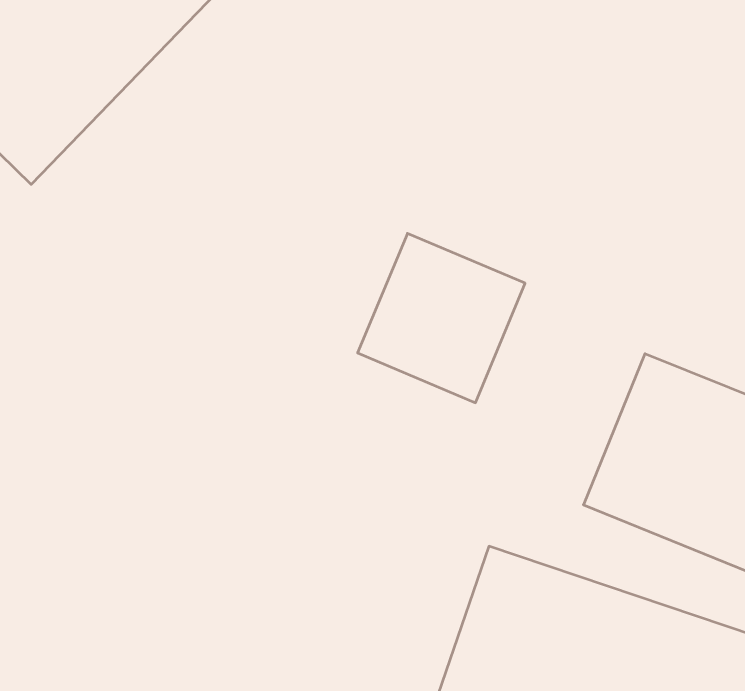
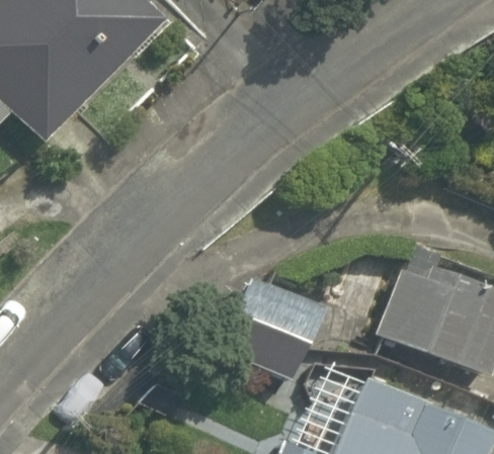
building: [358,233,525,403] -> [216,285,318,388]

